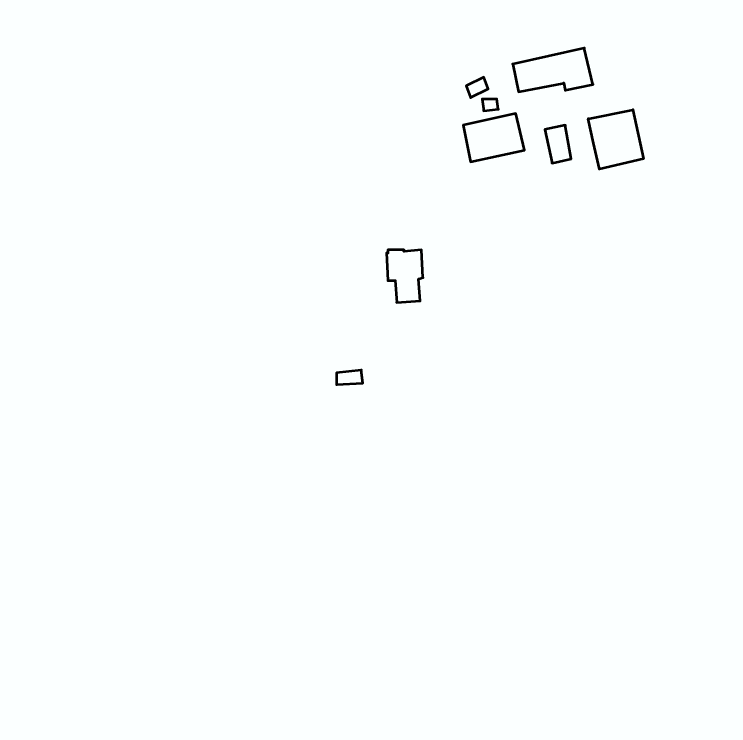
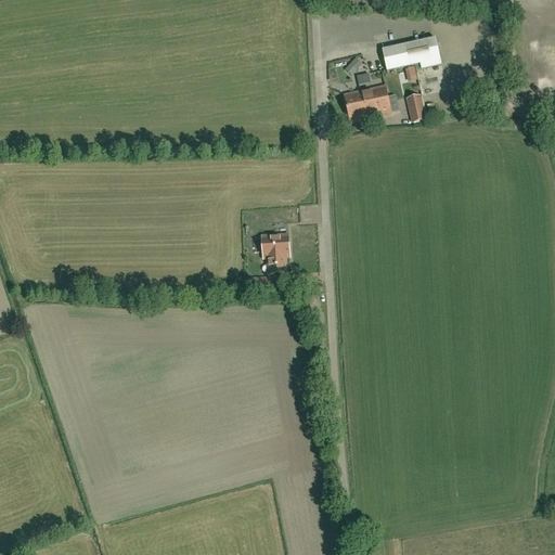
building: [588,110,643,169] -> none
building: [387,250,423,302] -> [261,234,288,273]

